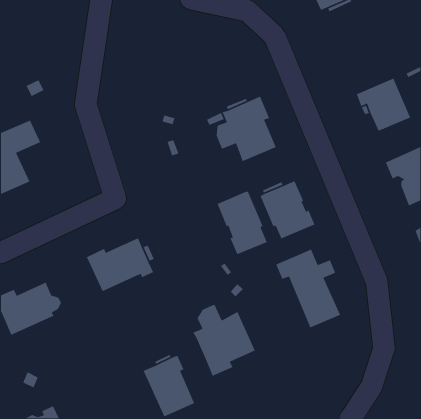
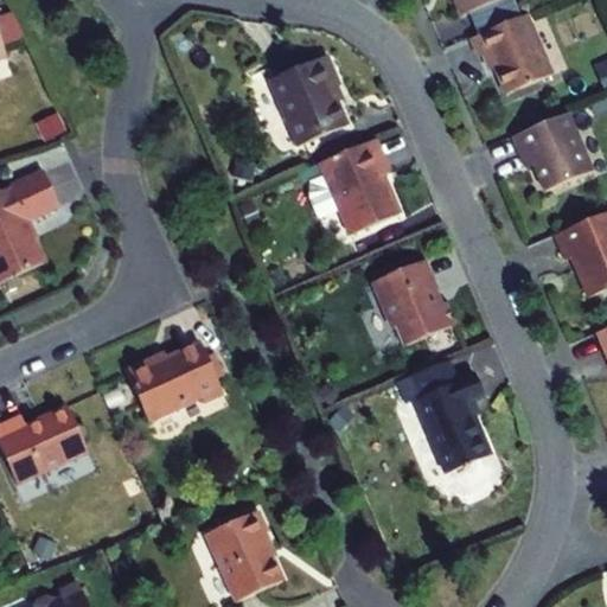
building: none -> [471,13,551,94]
building: none -> [269,56,346,146]
building: [217,191,268,255] -> none
building: [192,303,256,377] -> none

